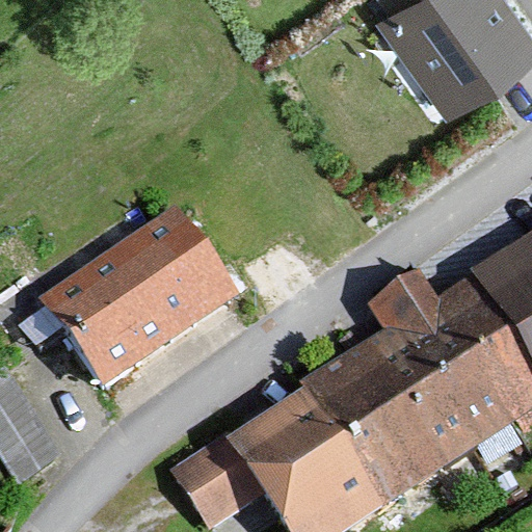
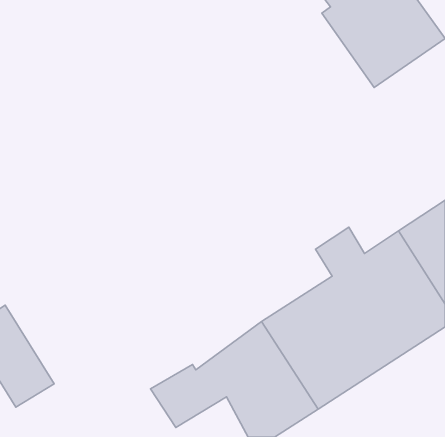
building: [39,207,242,394] -> none

